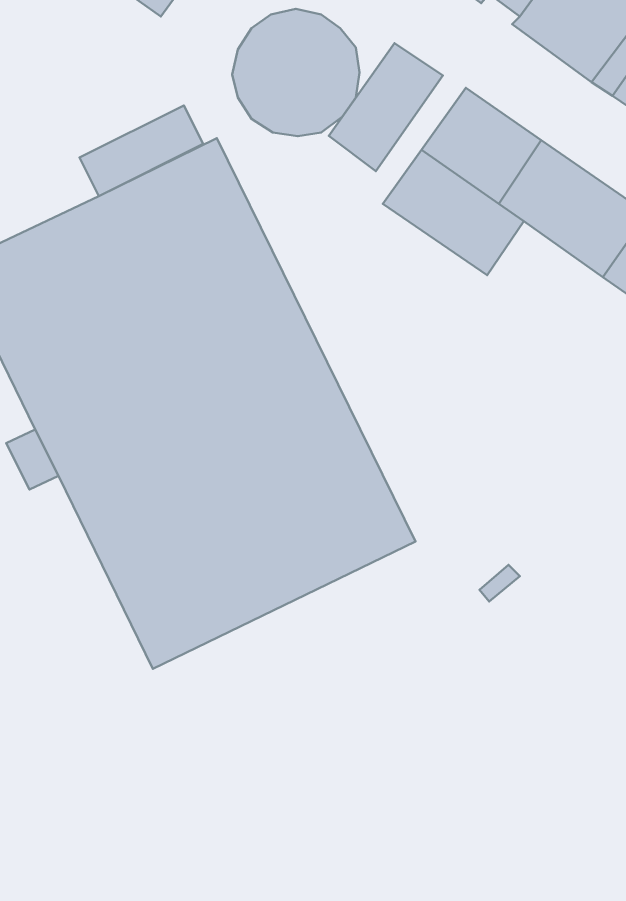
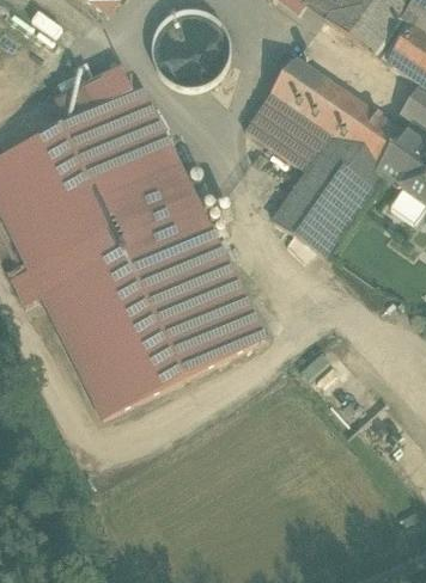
building: [329,43,443,171] -> none
building: none -> [275,137,381,252]

